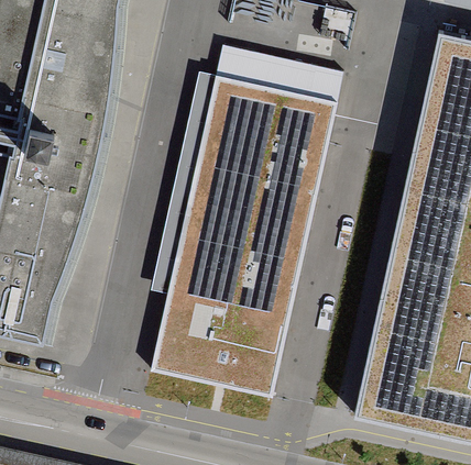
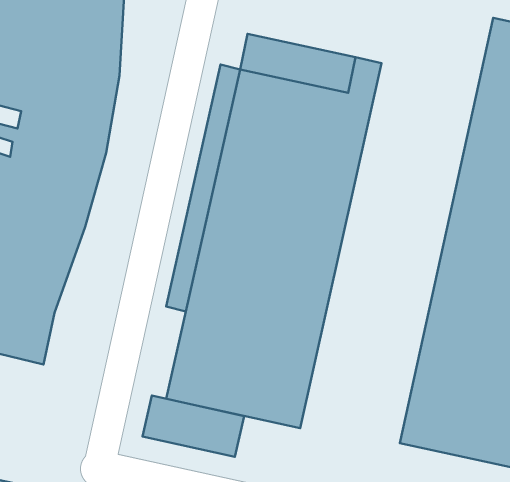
building: none -> [143,396,244,457]

